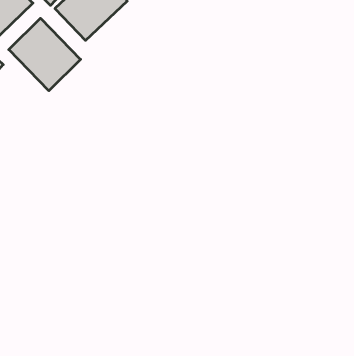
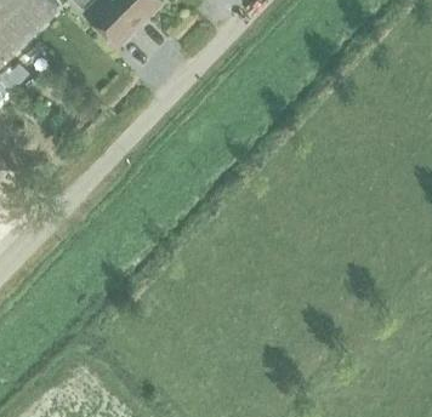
building: [9,18,81,91] -> none

